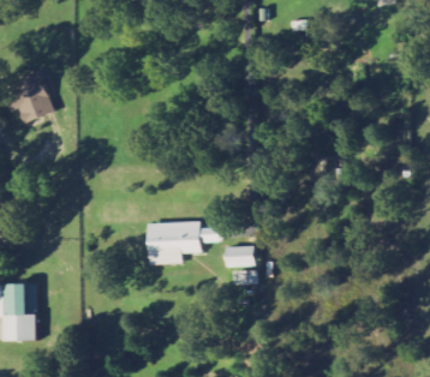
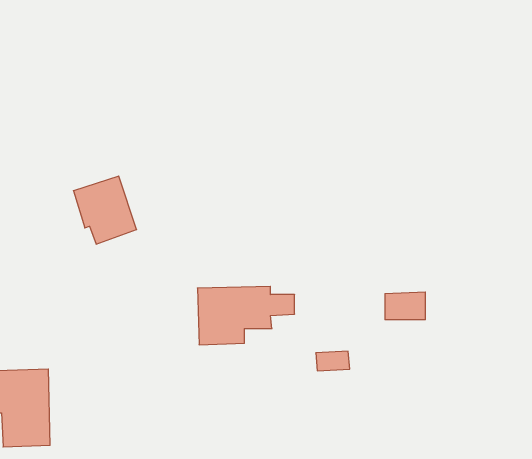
building: [6,72,53,122] -> [73,176,137,244]
building: [226,246,256,267] -> [385,292,425,320]

